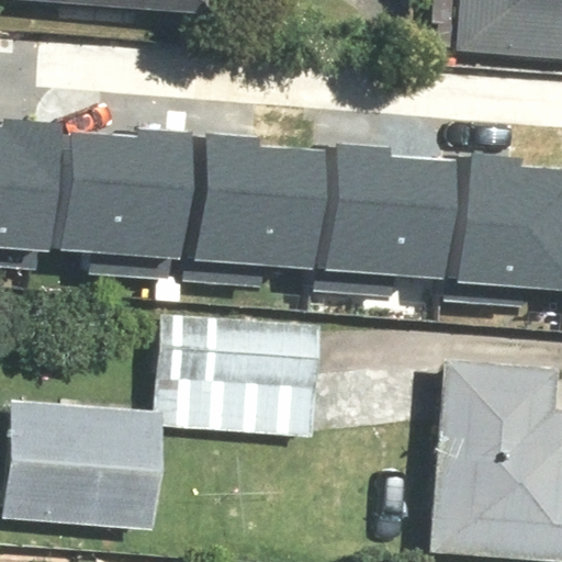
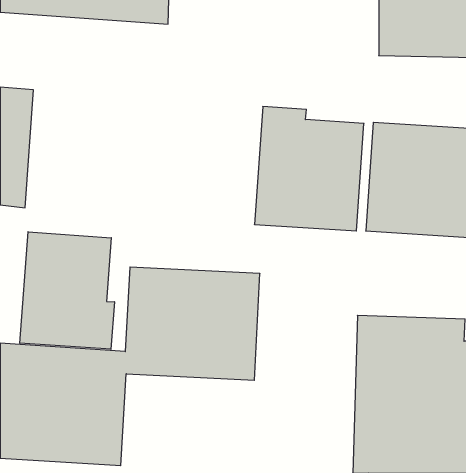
building: [48,112,178,255] -> none
building: [181,119,311,267] -> none
building: none -> [20,232,114,349]

